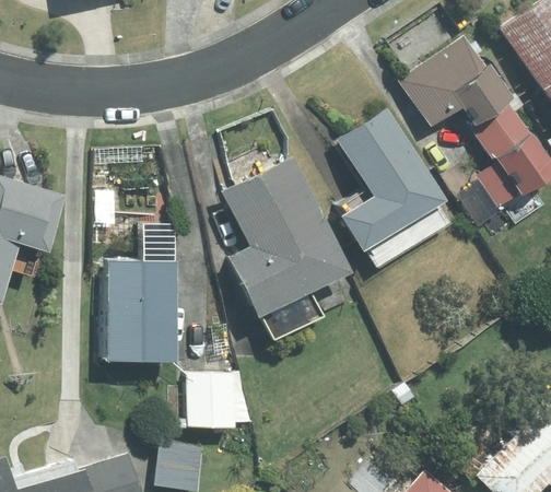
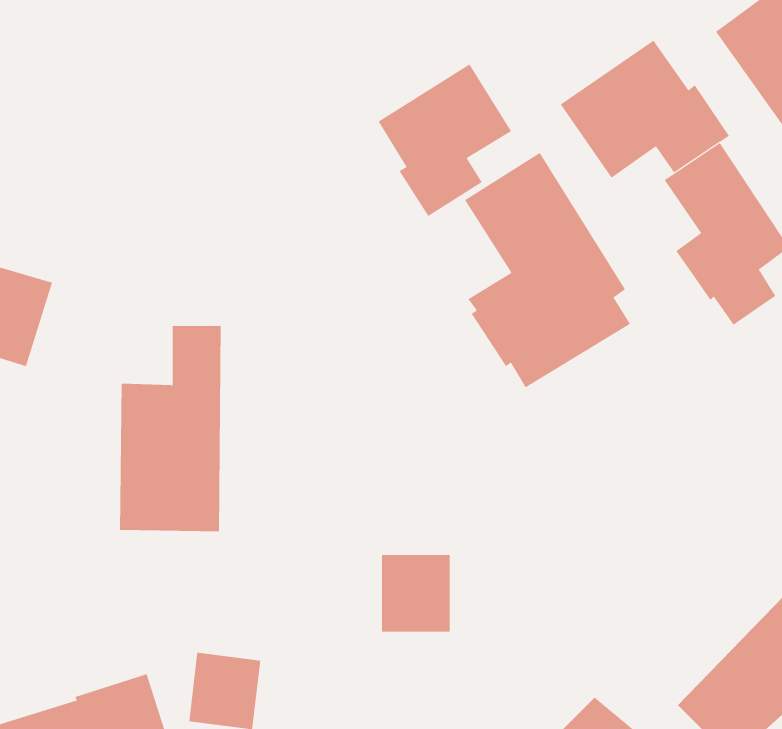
building: none -> [378,64,512,217]
building: [223,157,352,341] -> none
building: [187,374,233,425] -> [381,554,451,632]

